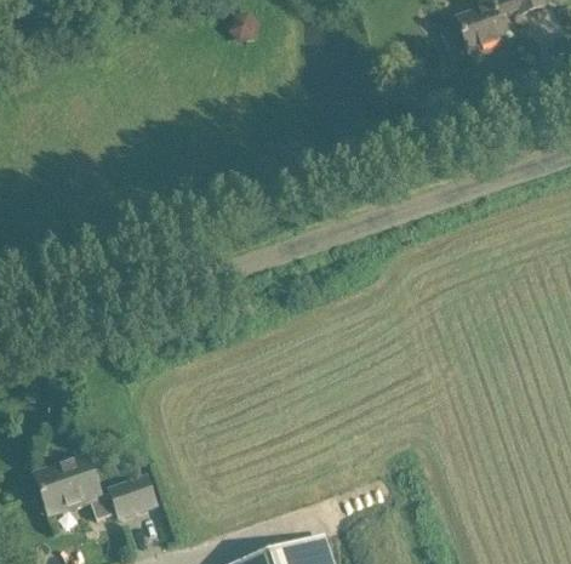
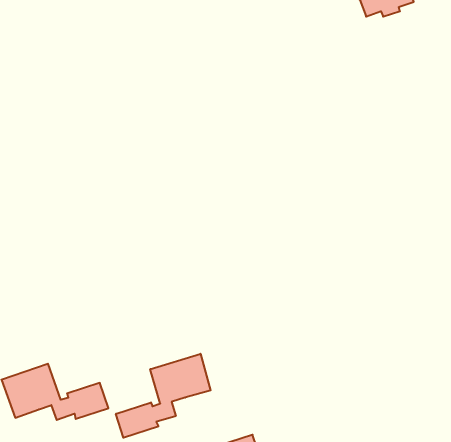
building: none -> [116,354,211,438]

